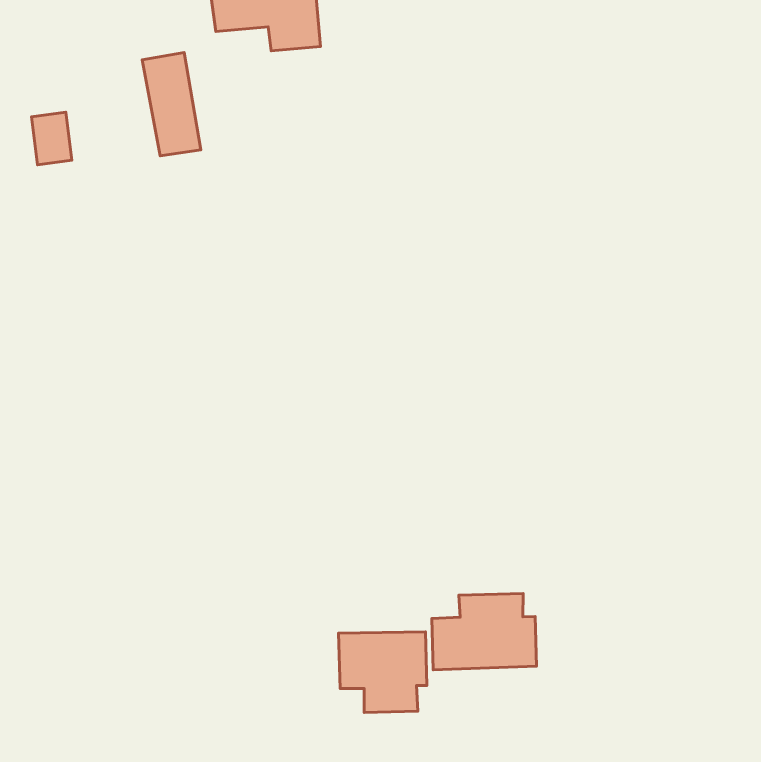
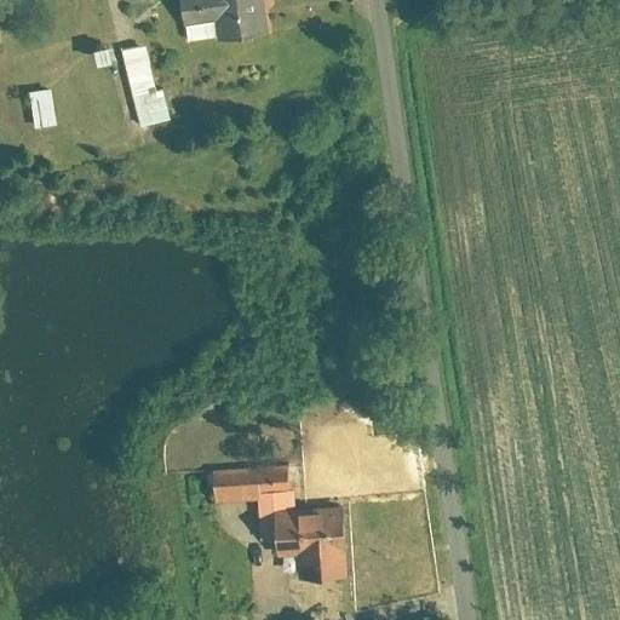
building: none -> [217,467,289,501]
building: [432,593,536,670] -> none

